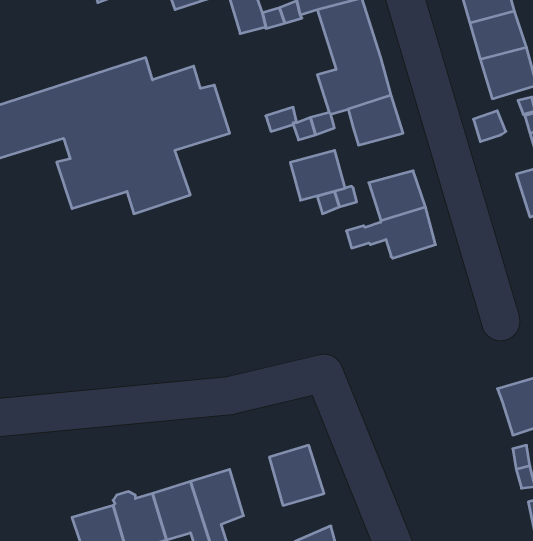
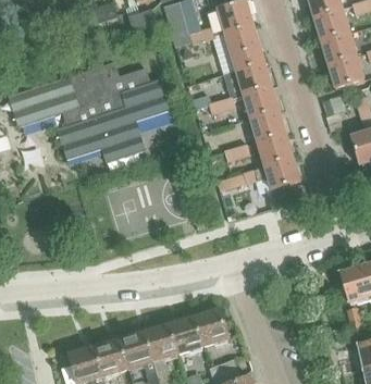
building: [290,150,345,200] -> [250,110,285,141]
building: none -> [169,315,202,352]

